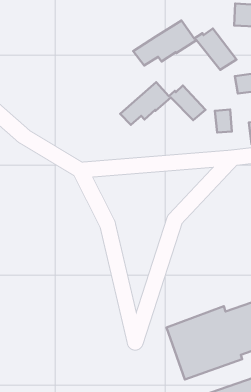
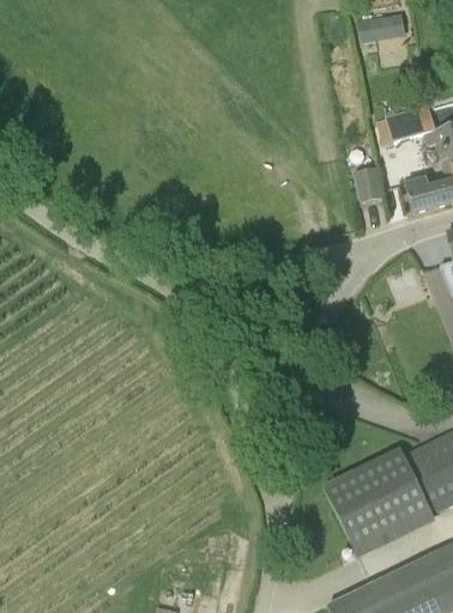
building: [133,20,237,70] -> none
building: [120,82,206,125] -> none

